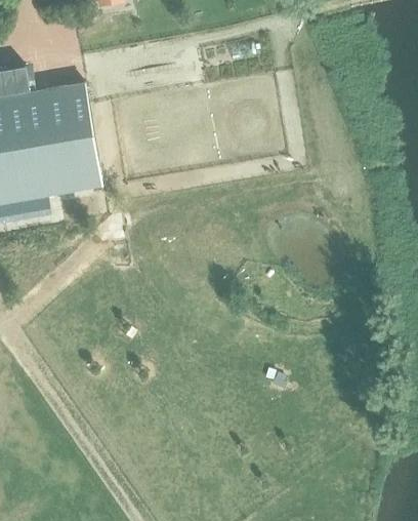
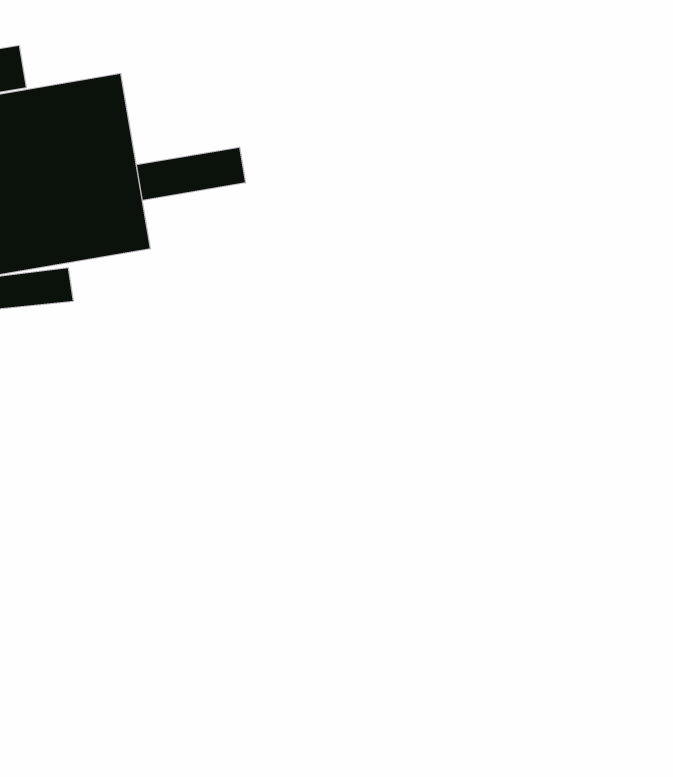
building: none -> [136,147,245,200]

